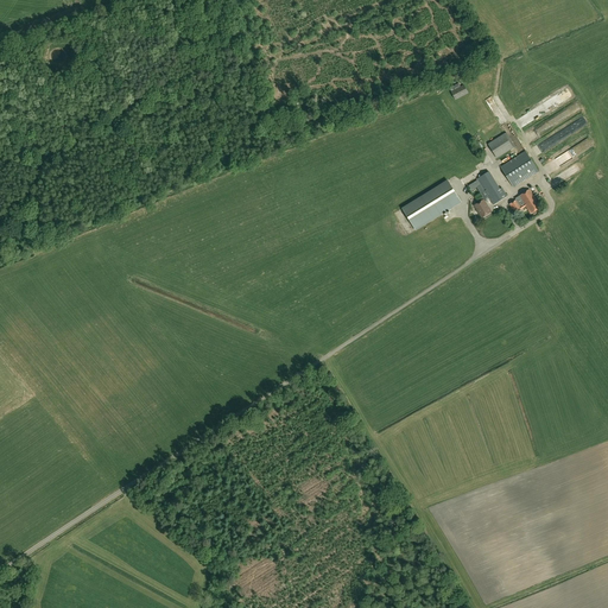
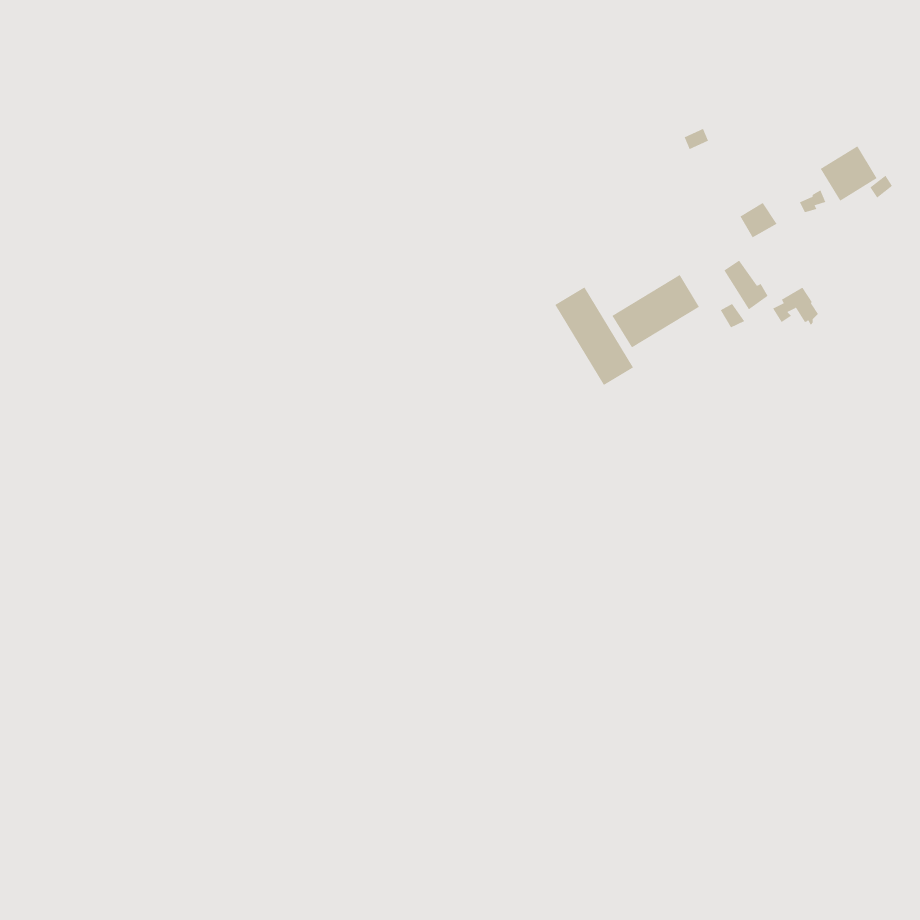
building: [499,150,537,186] -> [820,146,878,201]
building: none -> [555,287,634,386]

